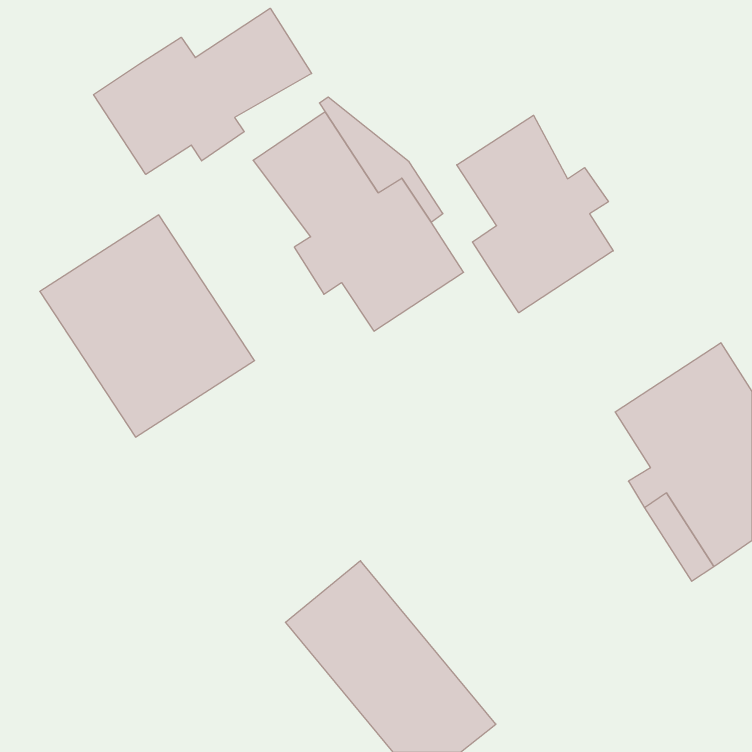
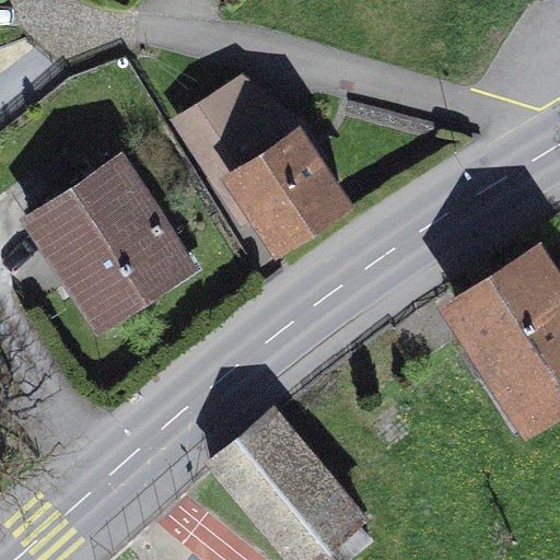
building: [94,8,312,174] -> none
building: [457,115,613,313] -> none

